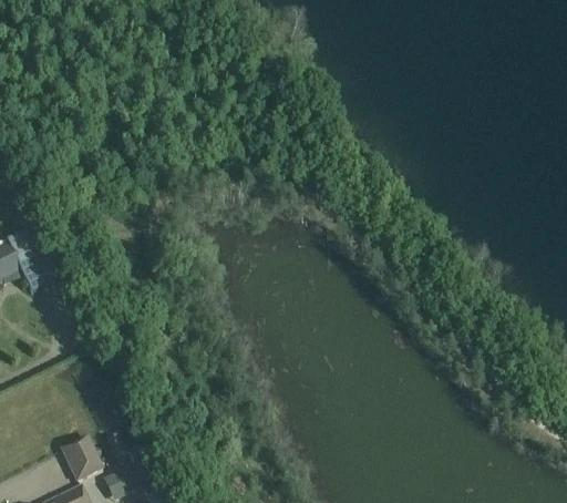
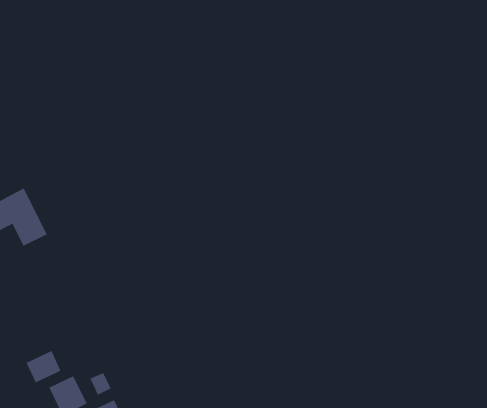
building: none -> [26,350,61,383]

